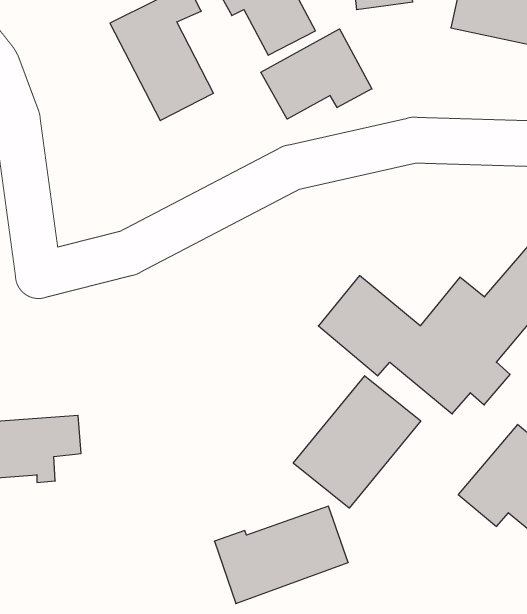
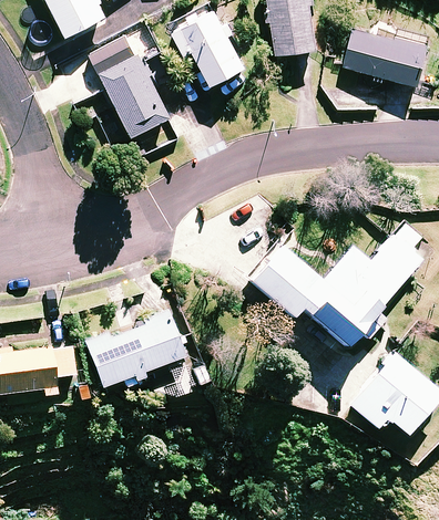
building: [261,29,372,119] -> none
building: [293,376,421,508] -> none
building: [214,506,348,604] -> [85,316,183,387]

